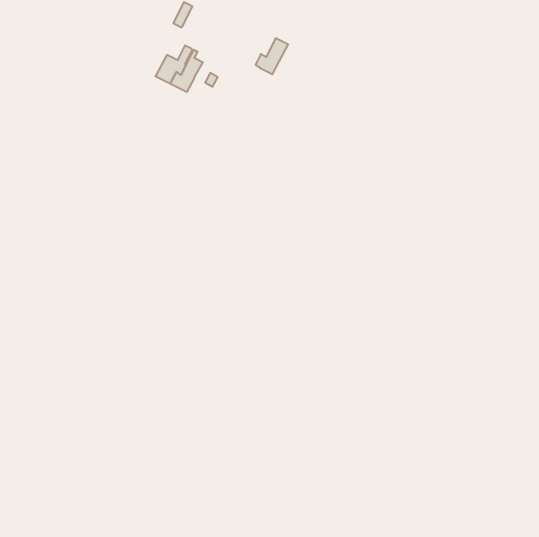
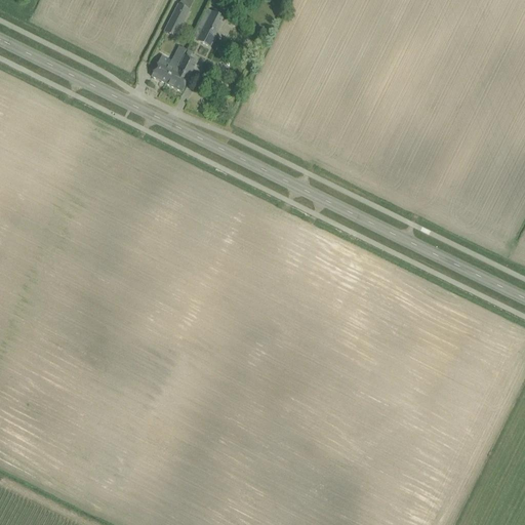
building: [256,38,288,74] -> [194,9,226,44]

